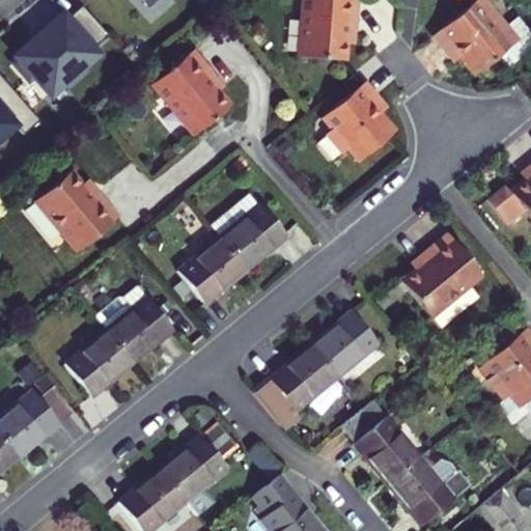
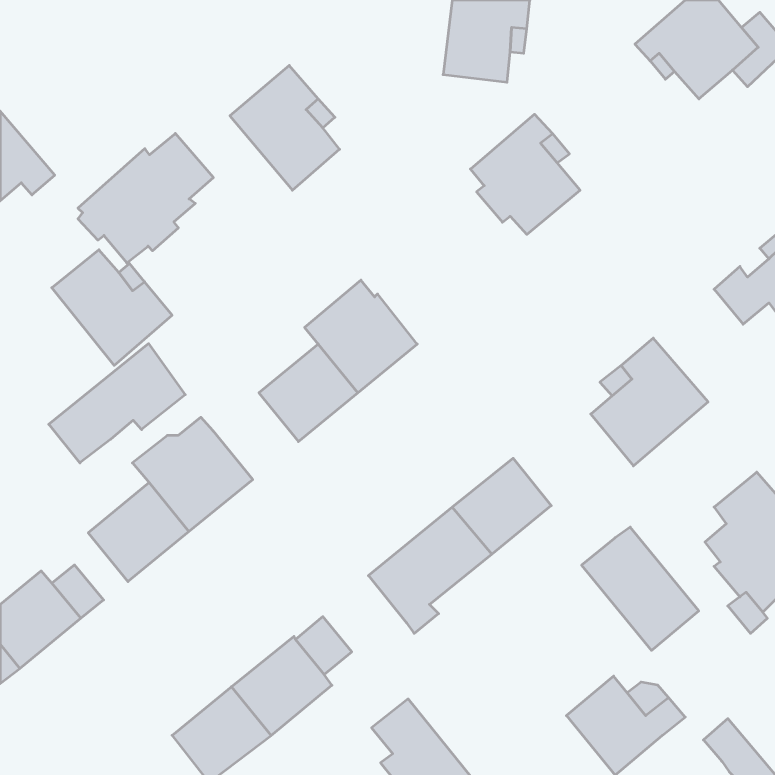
building: [16,6,108,94] -> [78,133,213,263]
building: none -> [49,344,185,463]
building: [340,406,420,490] -> [582,527,699,650]

